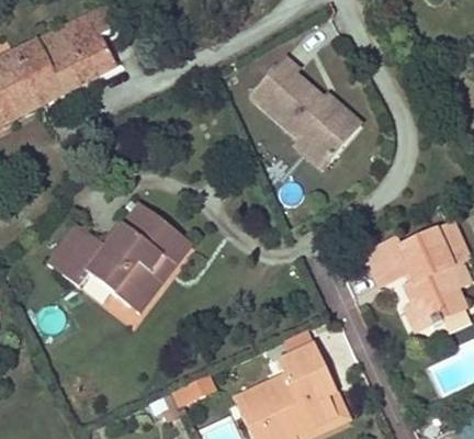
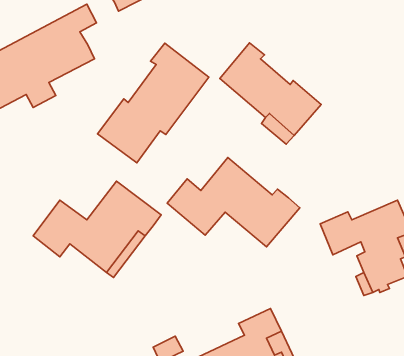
building: none -> [98,43,209,163]
building: none -> [167,157,300,247]

